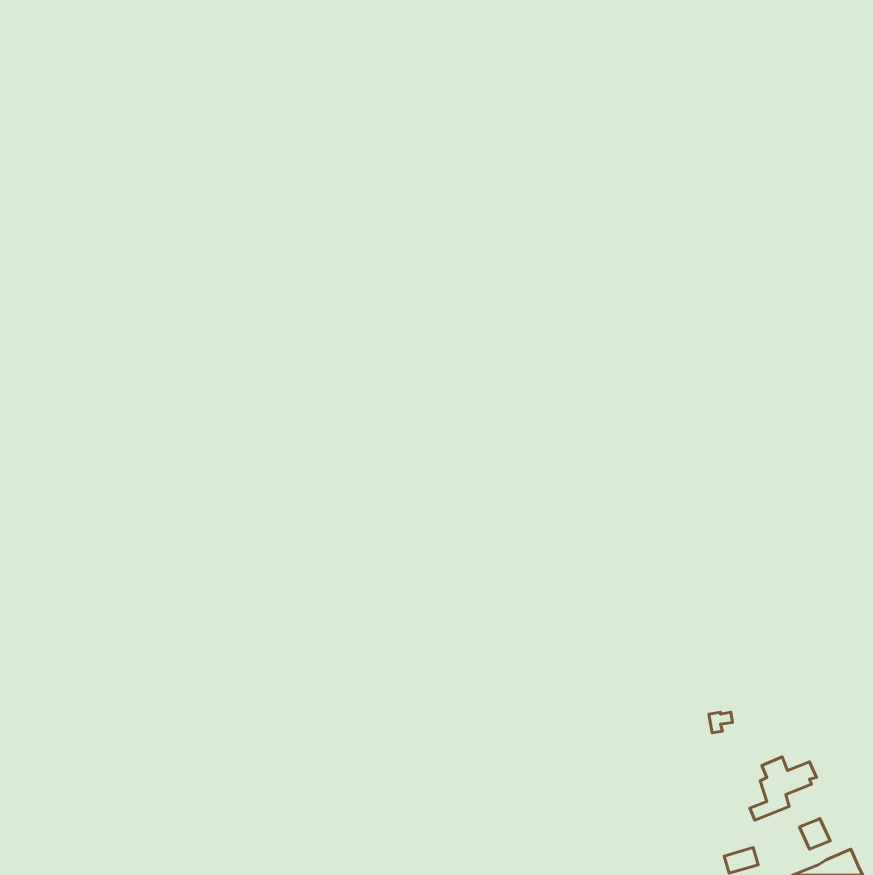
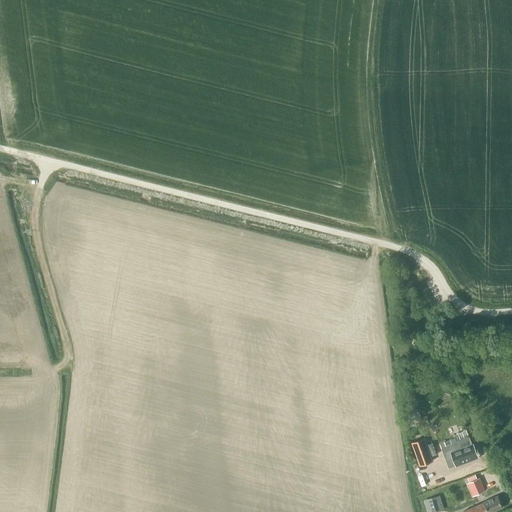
building: none -> [409,438,434,465]

